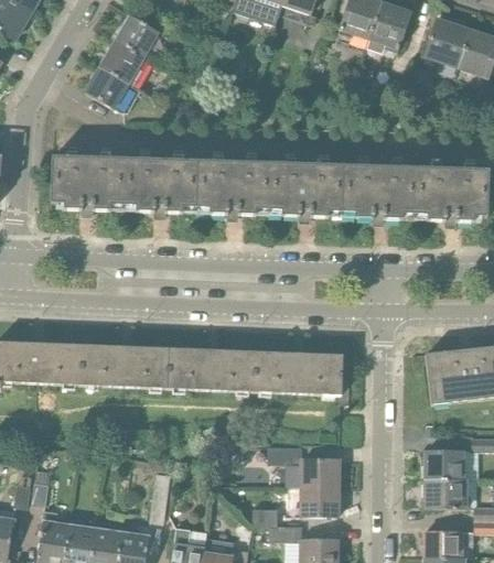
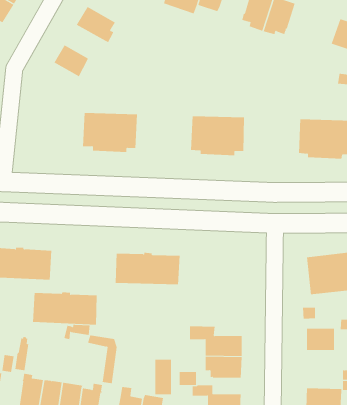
building: [425,20,471,77] -> none
building: [99,40,154,88] -> none
building: [51,155,126,209] -> none
building: [196,160,271,214] -> none
building: [342,164,417,218] -> none
building: [80,343,169,388] -> [32,292,98,325]
building: [254,349,351,403] -> none
building: [426,477,473,508] -> none
building: none -> [155,359,172,395]

